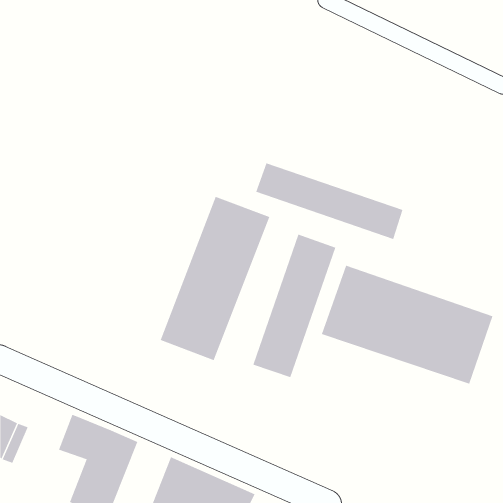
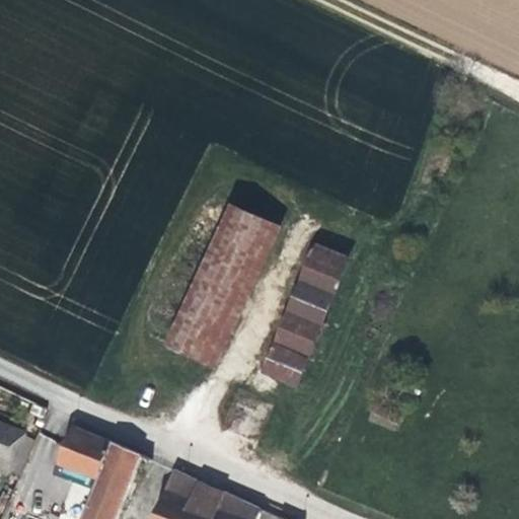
building: [255,162,403,240] -> none
building: [321,265,493,384] -> none

